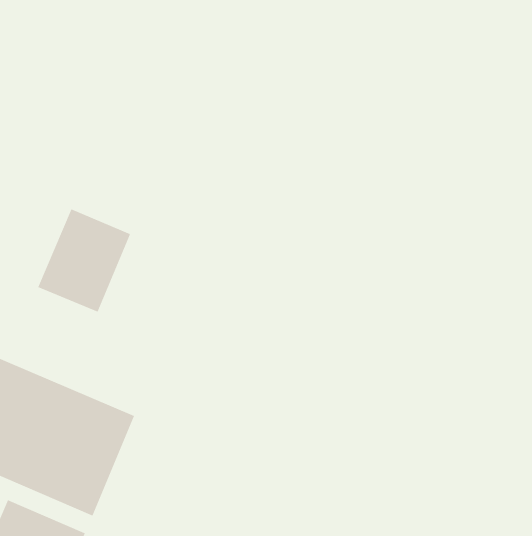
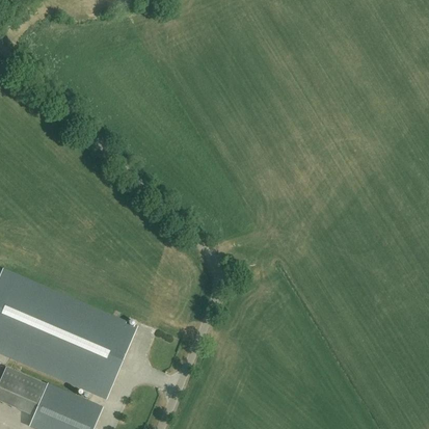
building: [38,208,133,313] -> none

